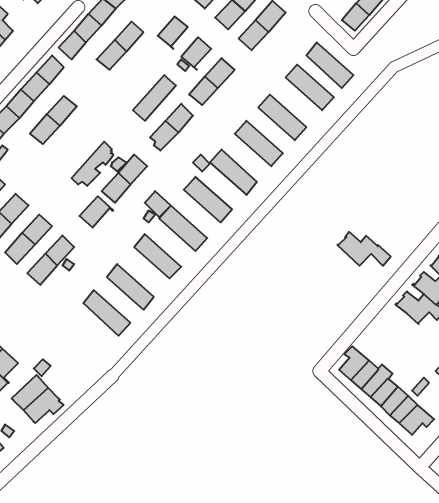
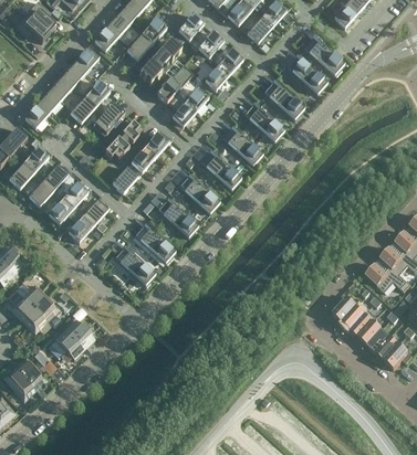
building: none -> [138,40,180,84]
building: none -> [92,103,123,136]
building: [337,232,391,266] -> [364,263,409,292]

